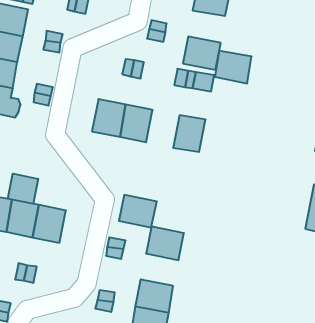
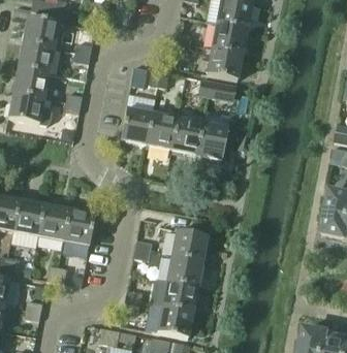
building: [215,51,252,83] -> [212,23,247,54]
building: none -> [171,118,203,154]
building: [8,174,38,204] -> none
building: [119,195,157,227] -> [166,255,202,286]

